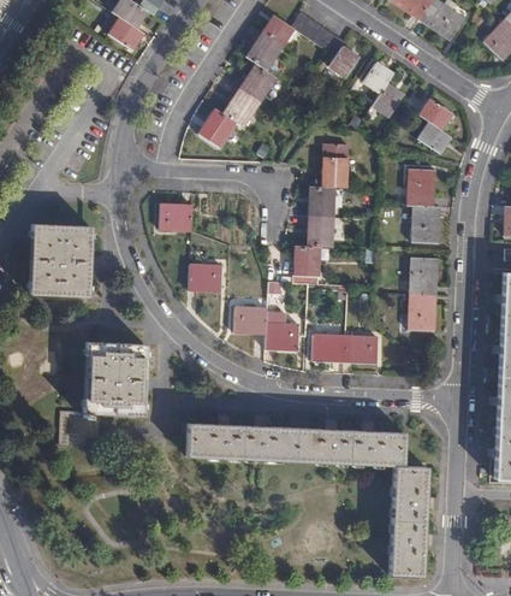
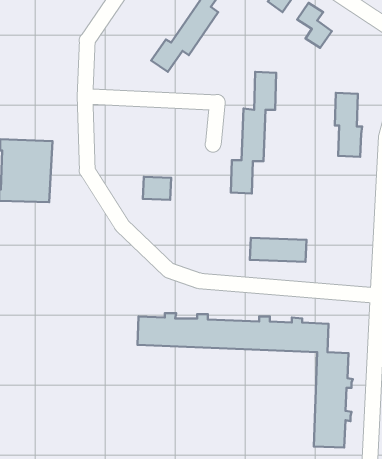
building: [421,100,454,154] -> none
building: [161,203,192,230] -> none
building: [410,256,439,329] -> none
building: [236,306,299,349] -> none
building: [57,338,143,441] -> none

